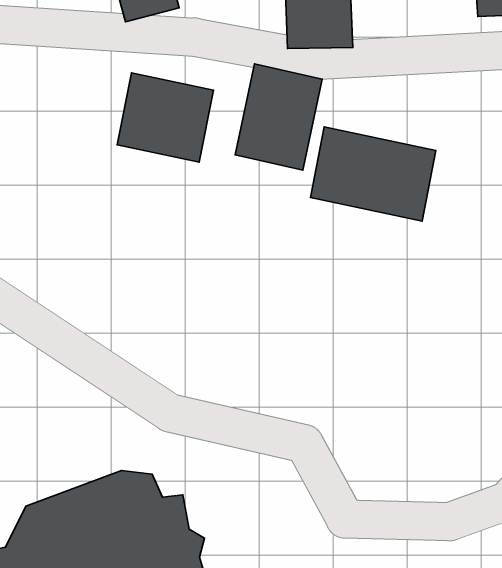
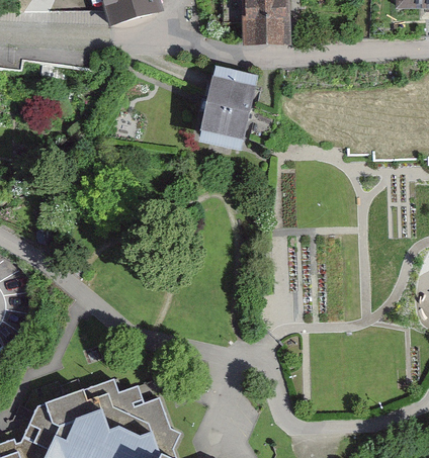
building: [117,73,214,162] -> none
building: [310,127,436,221] -> none

